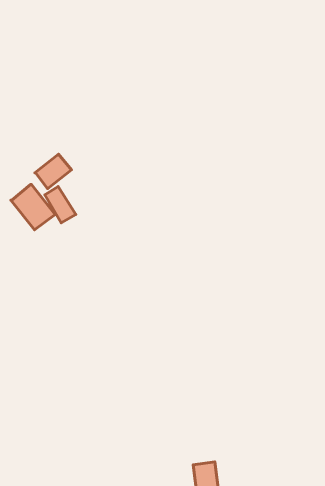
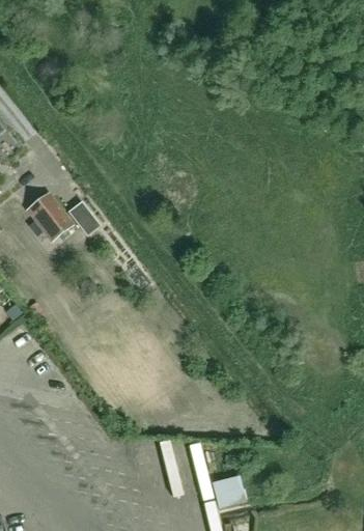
building: [35,154,71,188] -> none

